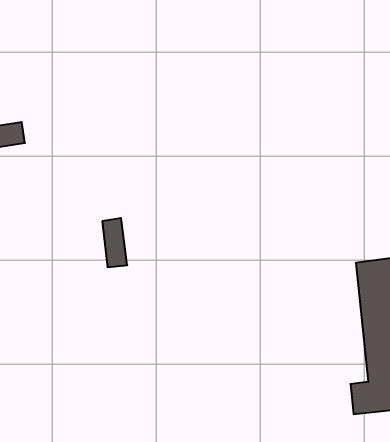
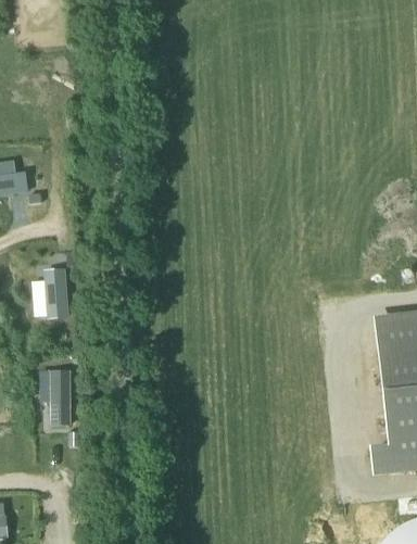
building: [102,218,127,267] -> [46,265,72,316]
building: none -> [50,374,72,433]

